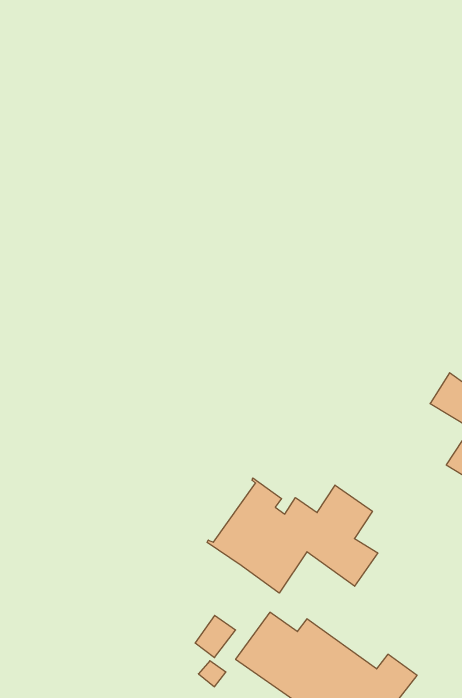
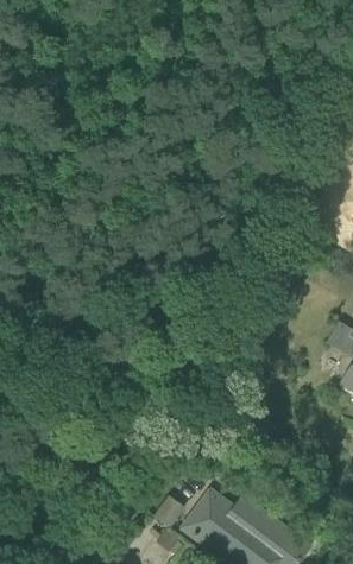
building: [207,478,378,593] -> none

